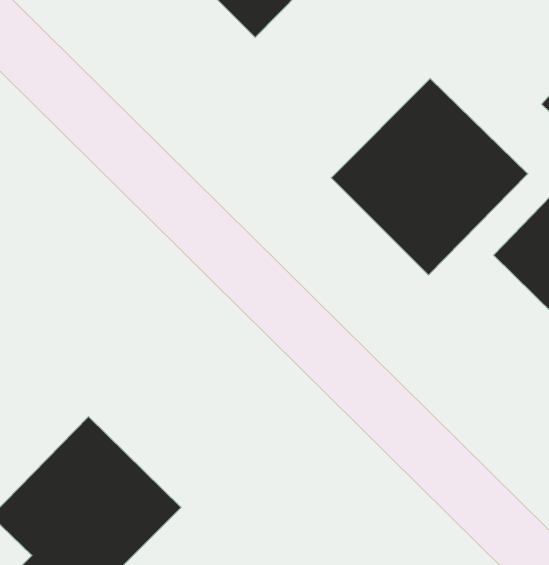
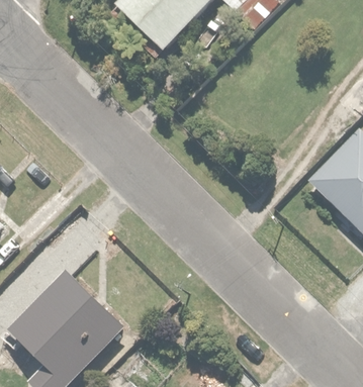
building: [331,78,528,275] -> none

